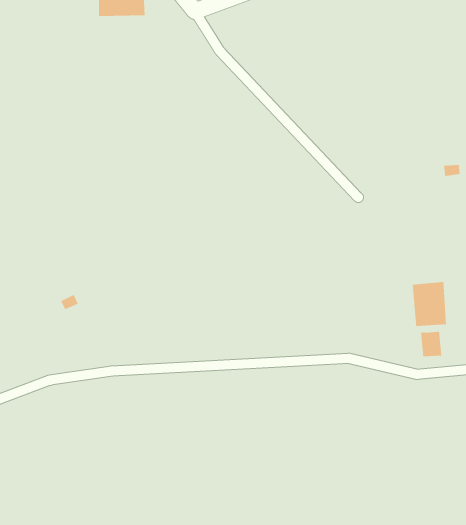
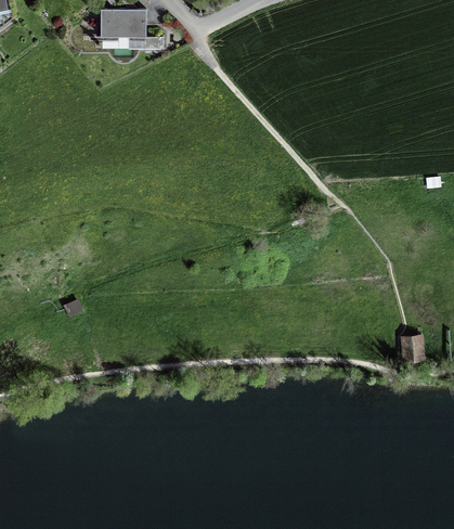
building: [412,281,447,327] -> none

